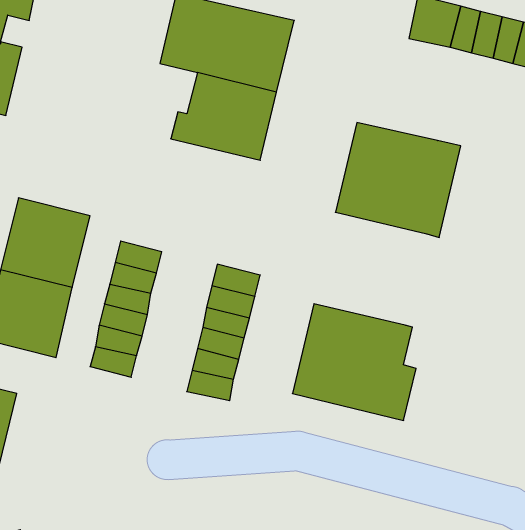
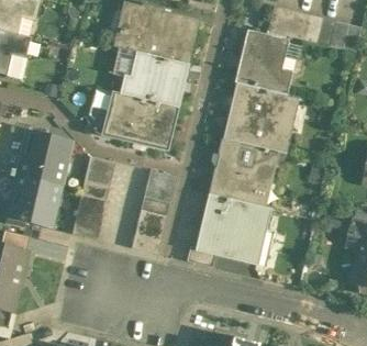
building: none -> [235,31,290,93]
building: none -> [102,91,176,149]
building: none -> [209,137,278,207]

